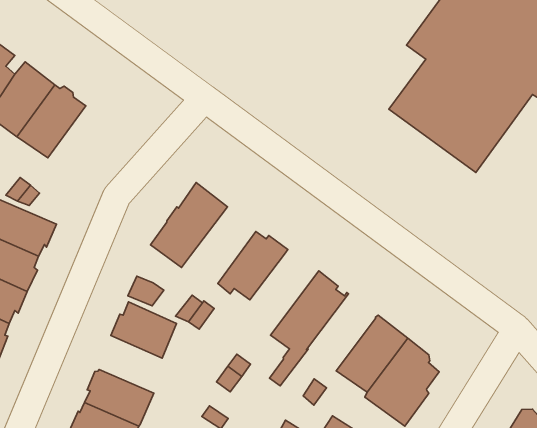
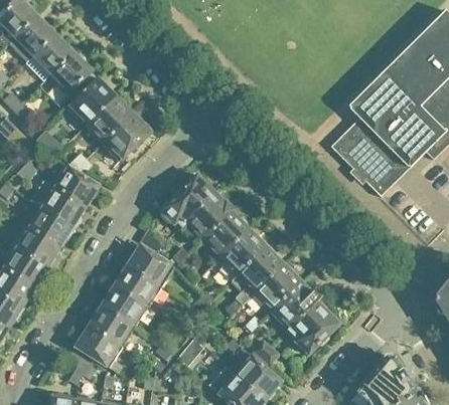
building: none -> [102,113,150,161]
building: none -> [185,193,233,242]
building: none -> [217,229,268,281]
building: none -> [252,262,300,312]
building: none -> [114,265,156,308]

